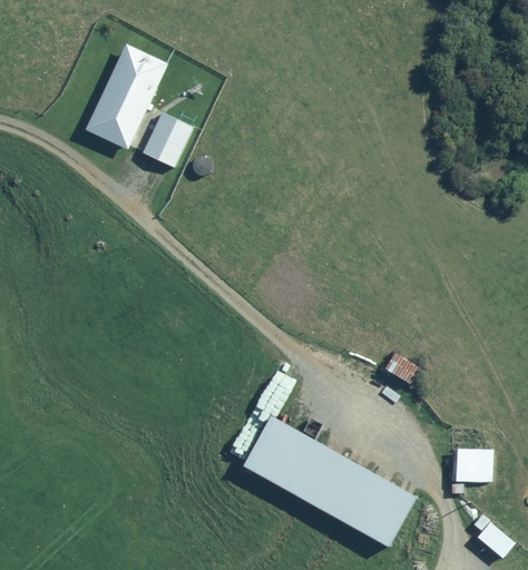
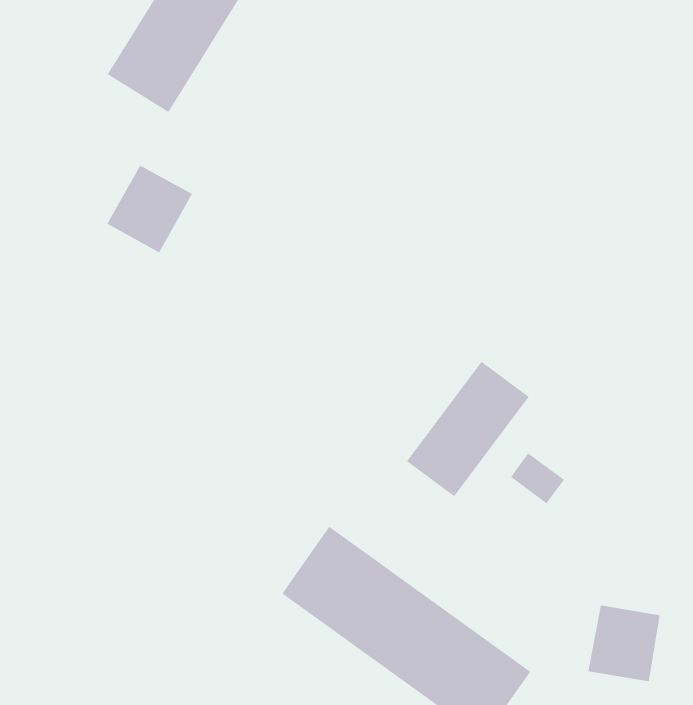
building: [138,111,194,169] -> [106,165,193,253]
building: none -> [406,361,529,497]

